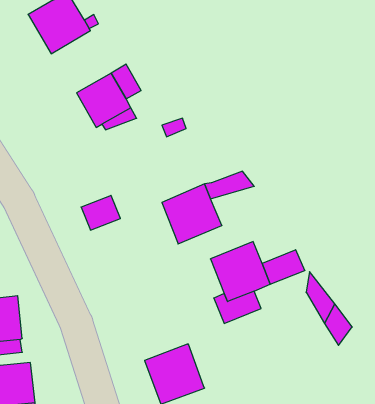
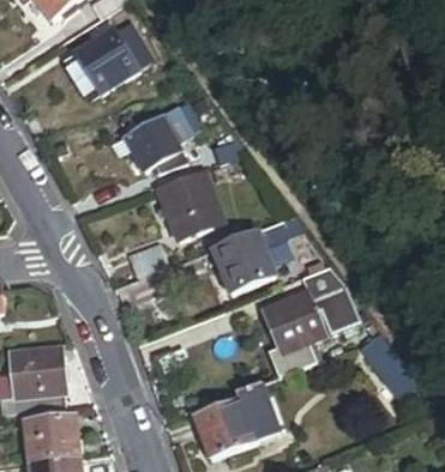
building: none -> [156,171,223,241]
building: none -> [301,266,351,313]
building: none -> [236,380,279,440]

